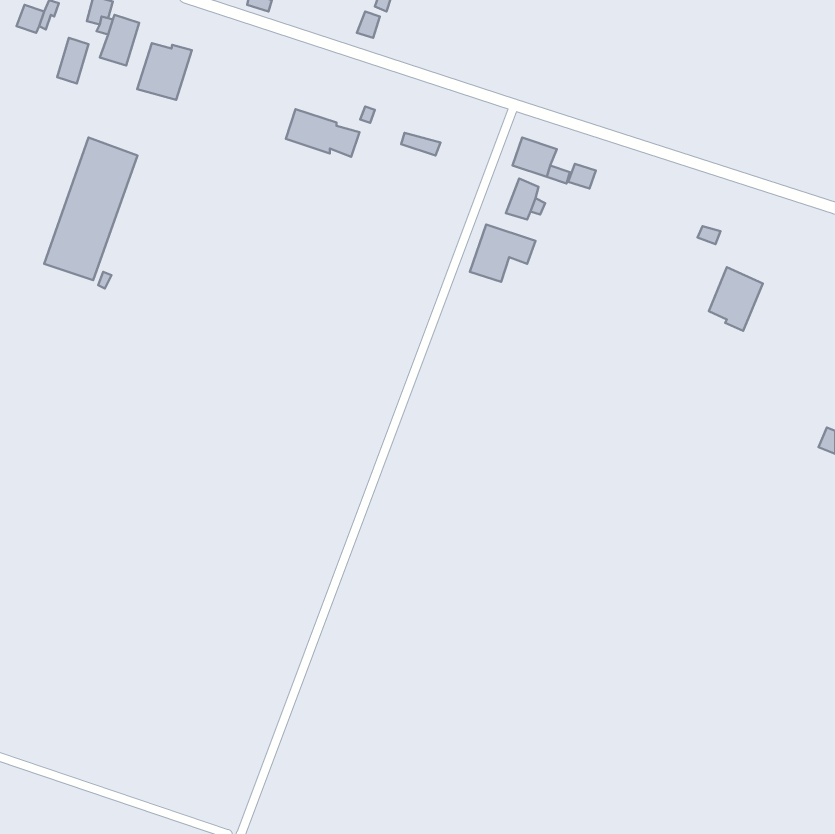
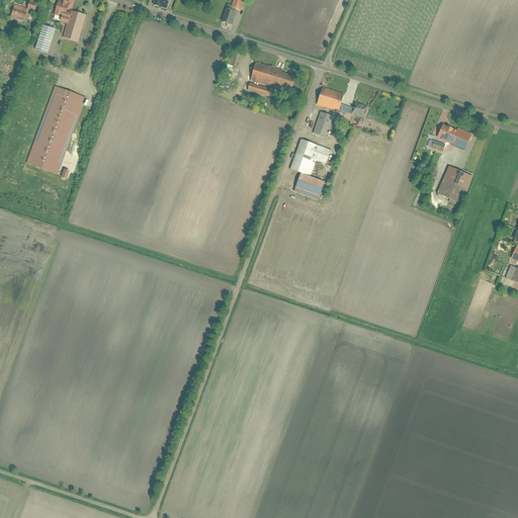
building: [137,43,192,100] -> none
building: [286,109,359,157] -> [250,61,295,90]
building: none -> [438,123,471,150]
building: none -> [294,172,326,199]

